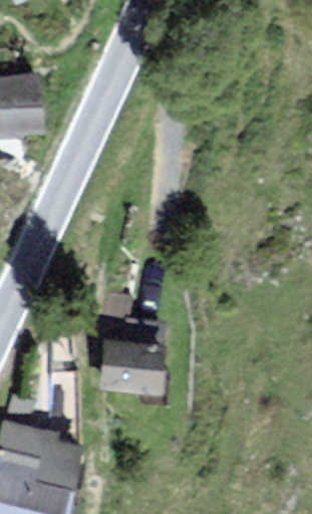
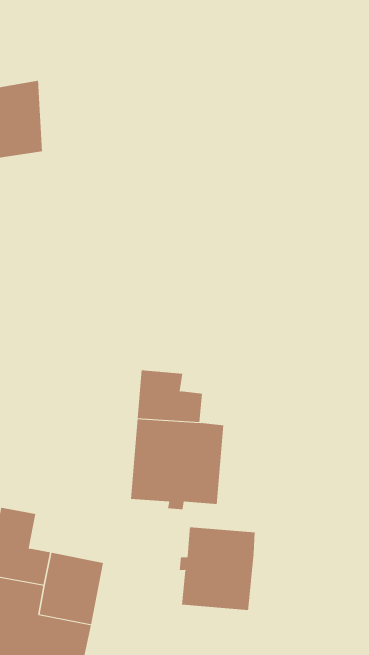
building: none -> [179,527,255,611]

